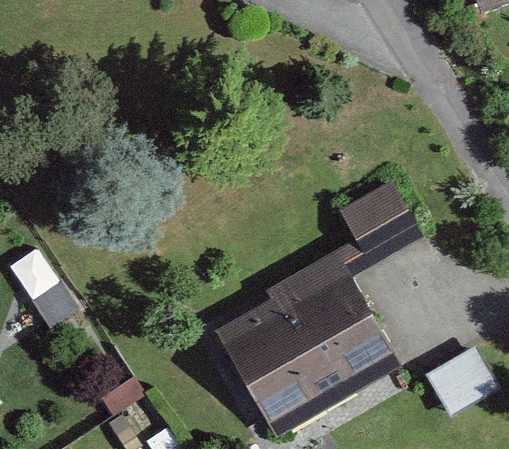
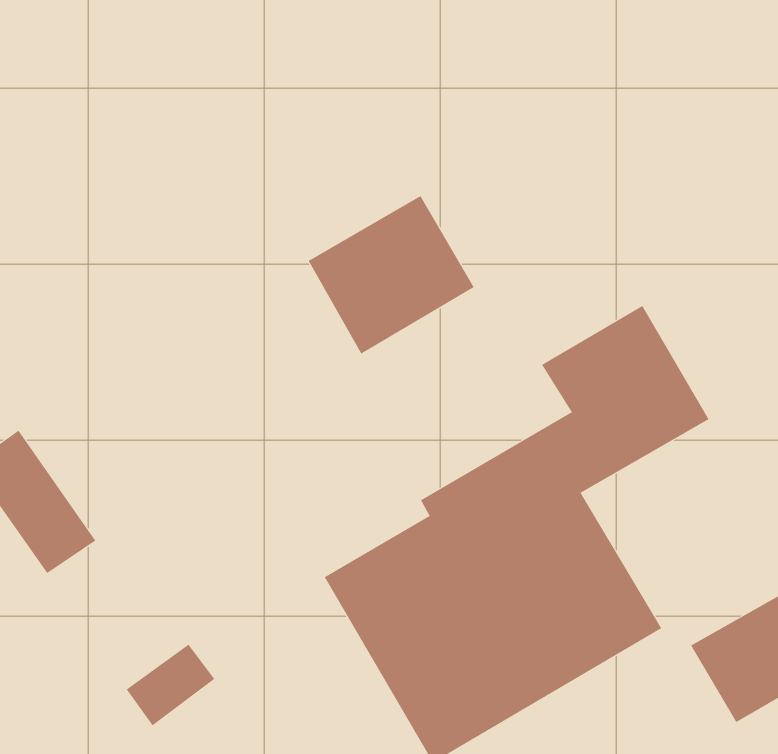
building: none -> [308,195,475,354]

